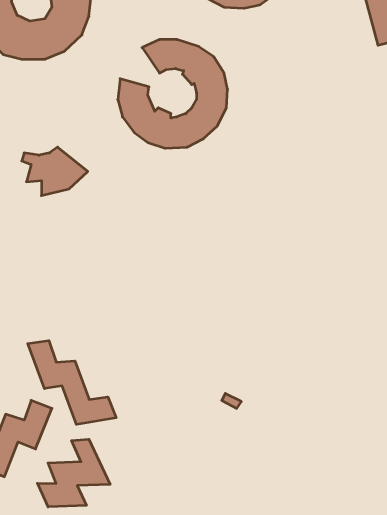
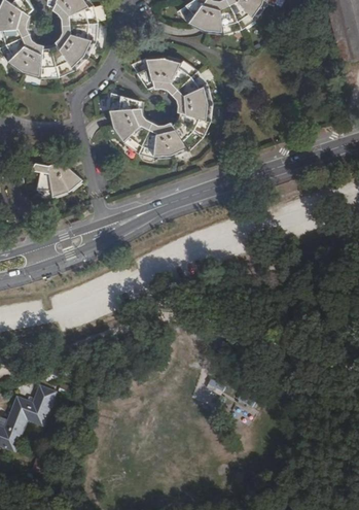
building: [28,341,116,424] -> none
building: [37,439,110,507] -> none

